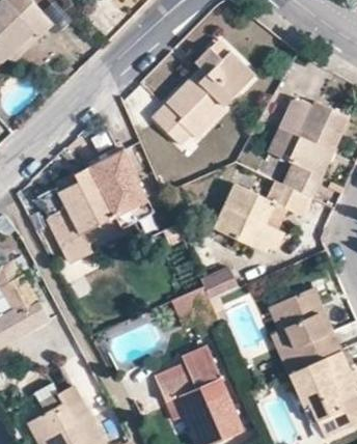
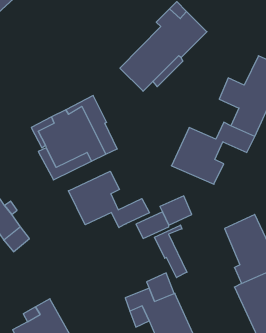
building: none -> [68,171,149,228]
building: none -> [154,225,187,278]

